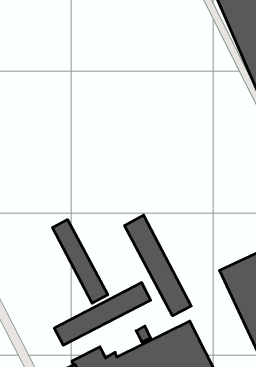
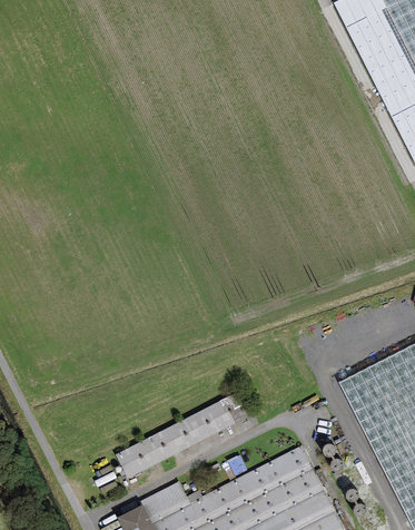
building: [125,215,191,316] -> none
building: [53,220,108,303] -> none

